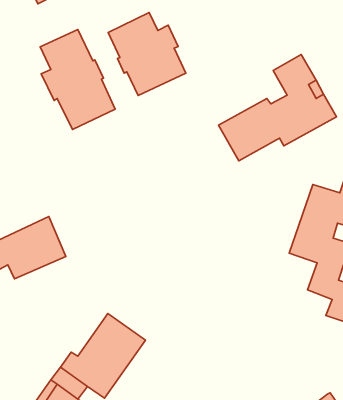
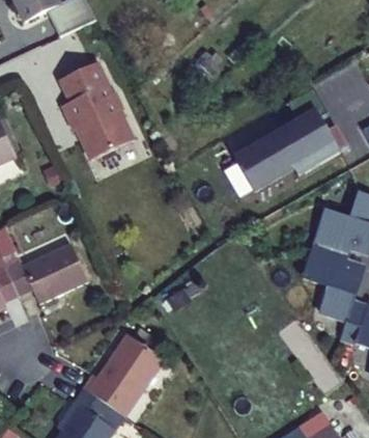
building: [108,12,186,96] -> none

